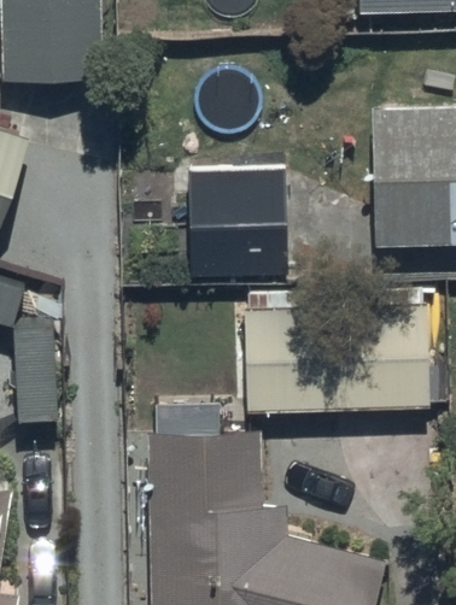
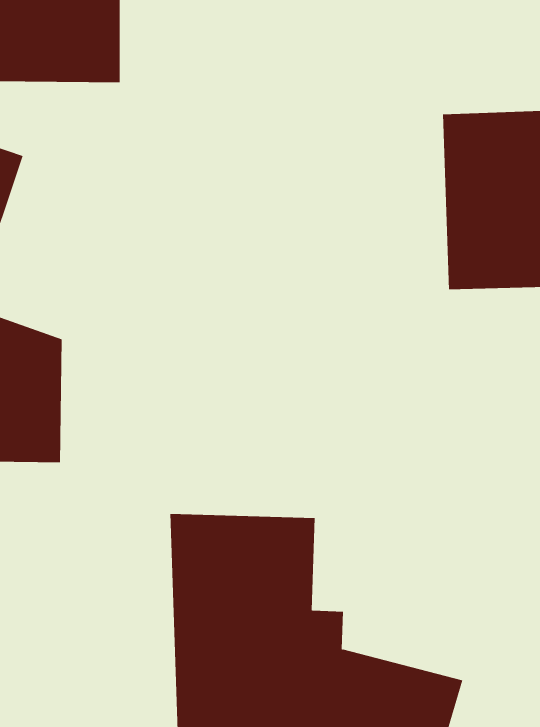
building: [176,170,286,280] -> none
building: [242,302,434,412] -> none

